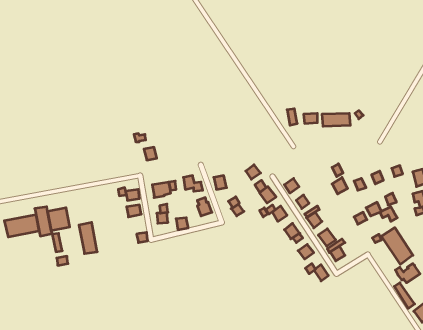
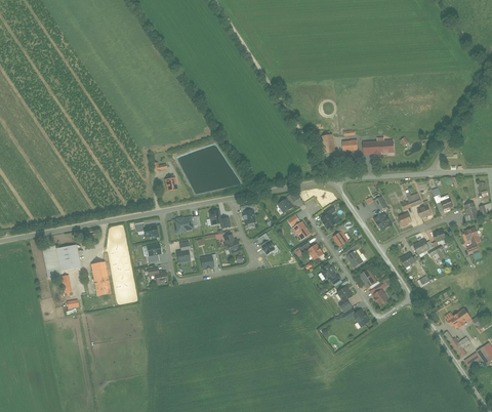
building: [4,214,39,237] -> none
building: [381,228,413,264] -> none

